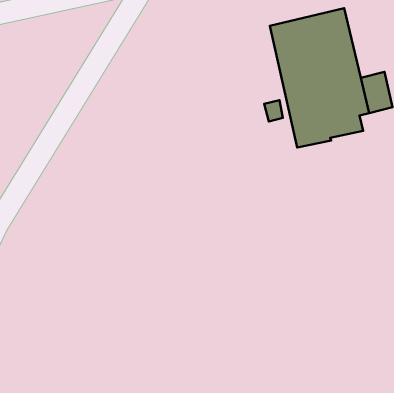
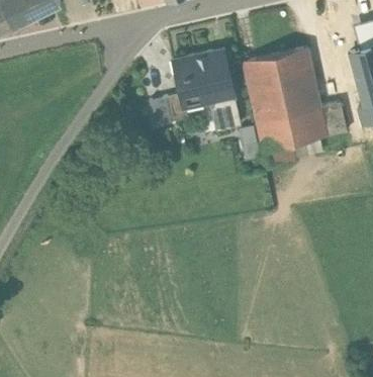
building: none -> [149,50,241,130]

